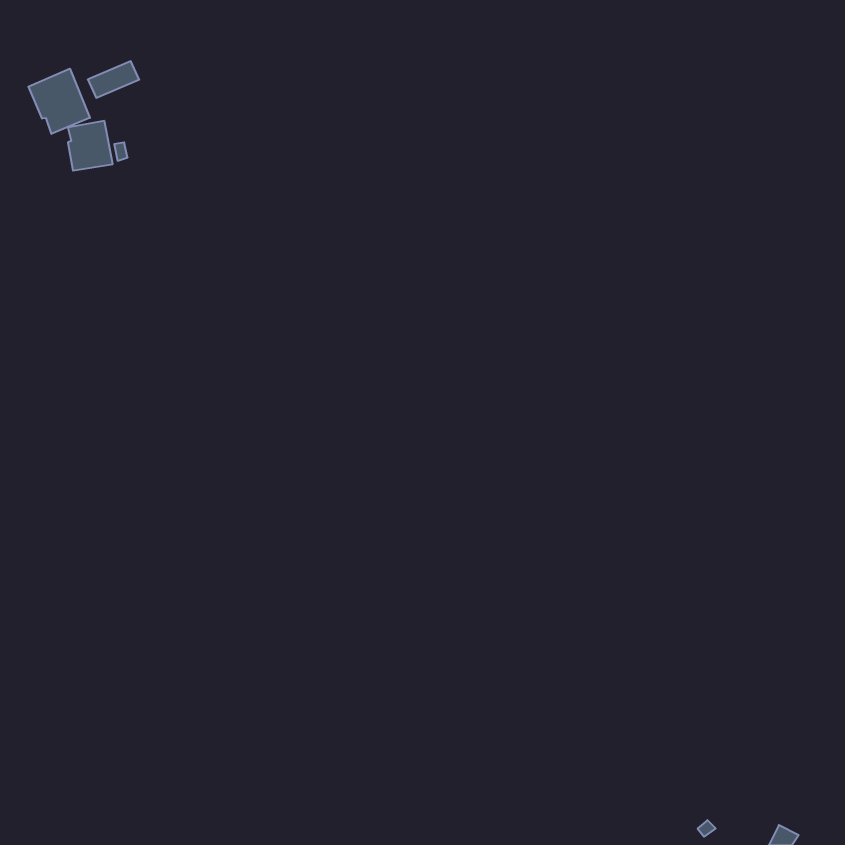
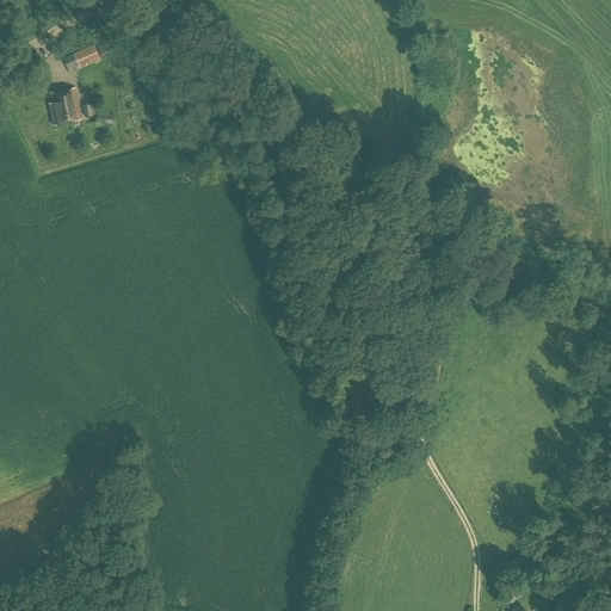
building: [28,69,90,134] -> none

